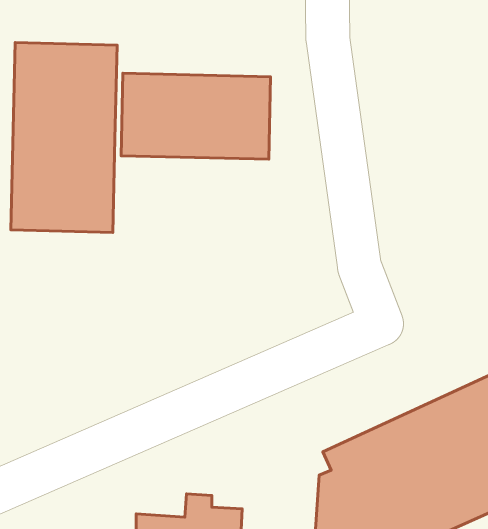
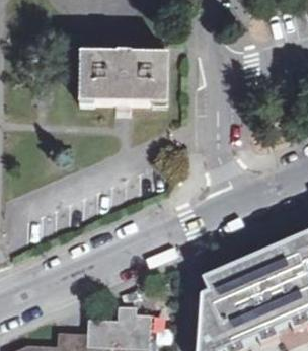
building: [11,43,117,232] -> none

